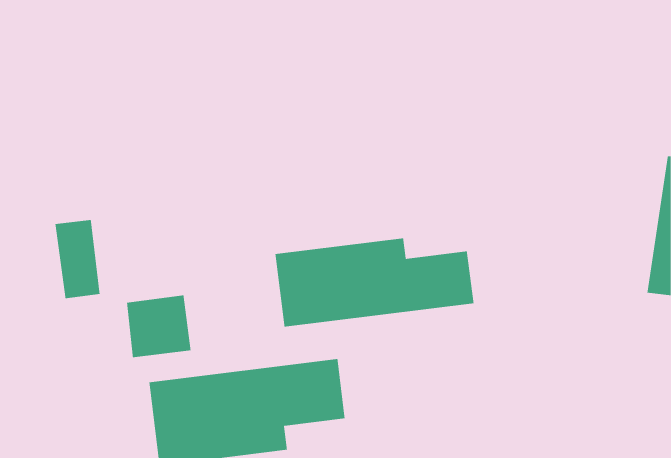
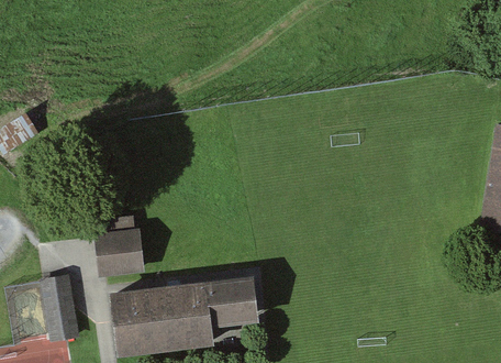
building: [55,219,100,299] -> [42,278,76,338]
building: [274,238,474,327] -> none

